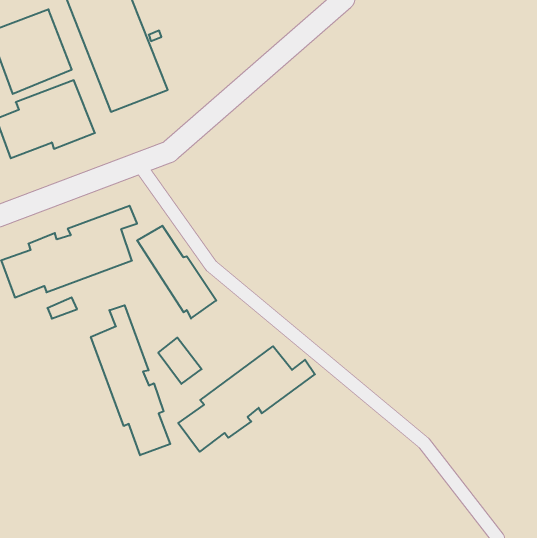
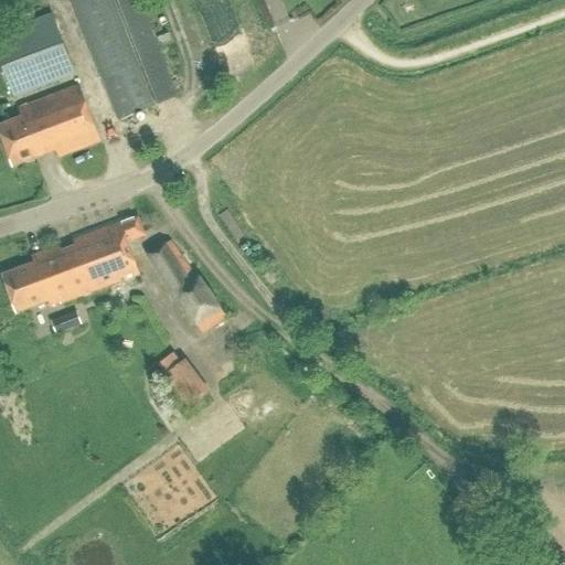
building: [91,305,170,455] -> none
building: [178,346,315,452] -> none

